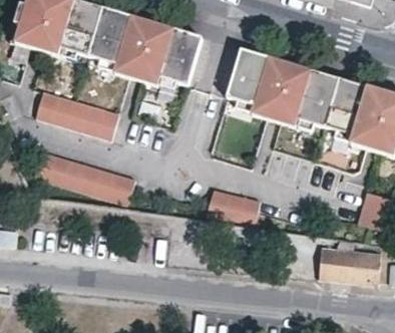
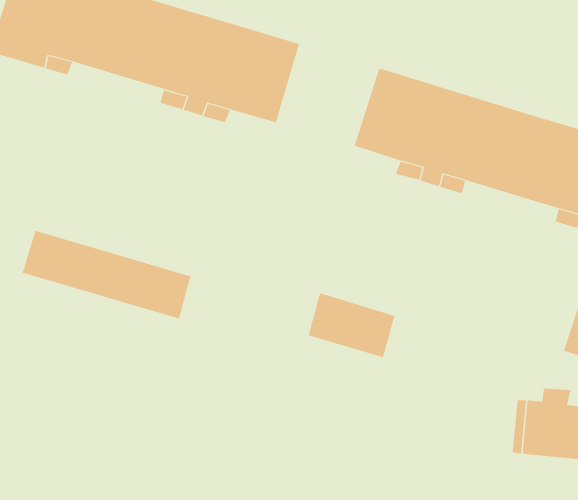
building: [27,86,110,135] -> none

